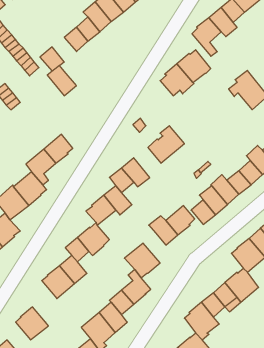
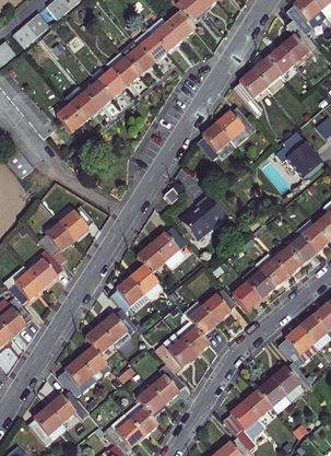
building: [47,66,76,96] -> [64,86,98,121]
building: none -> [176,320,210,355]
building: none -> [47,389,86,424]

